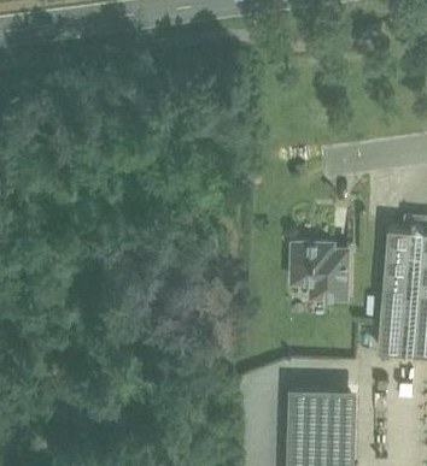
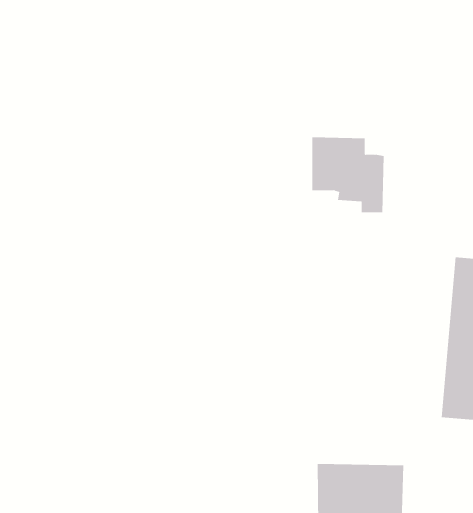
building: [292,244,347,302] -> [312,137,385,213]

